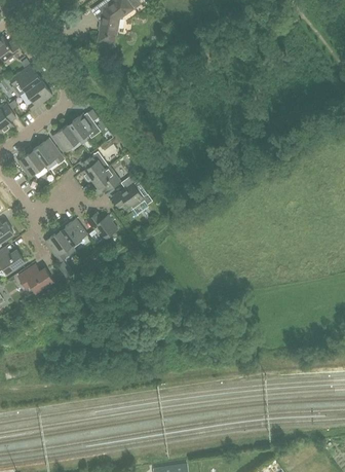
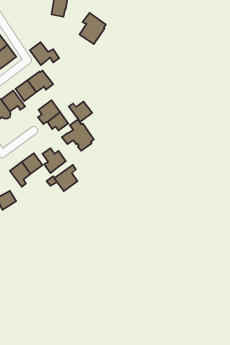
building: none -> [80,13,106,44]
building: none -> [30,42,59,65]
building: none -> [69,102,92,122]
building: none -> [54,165,77,191]

